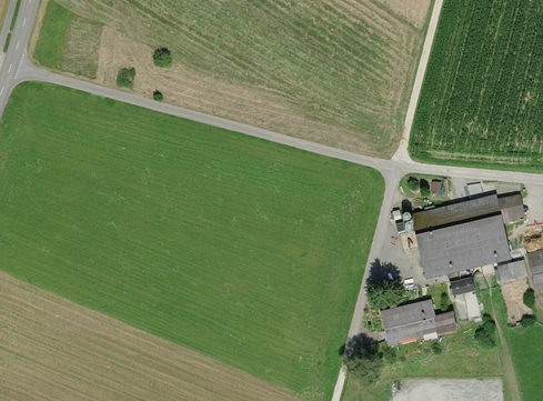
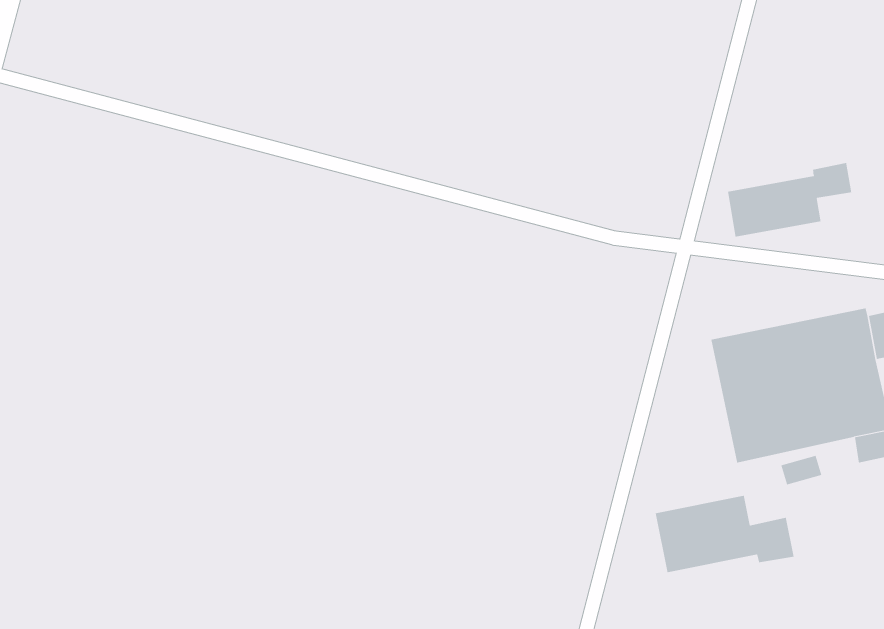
building: none -> [727,162,852,237]

